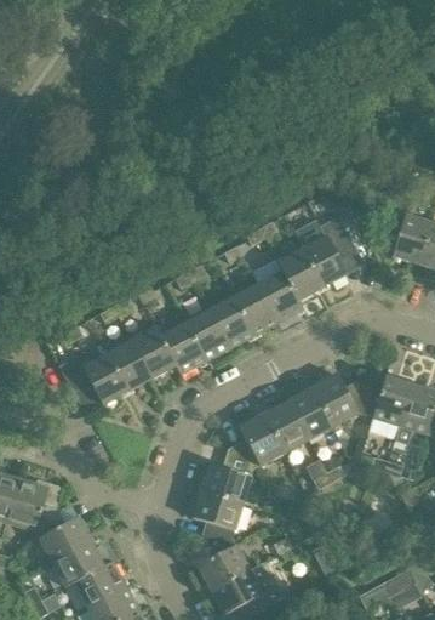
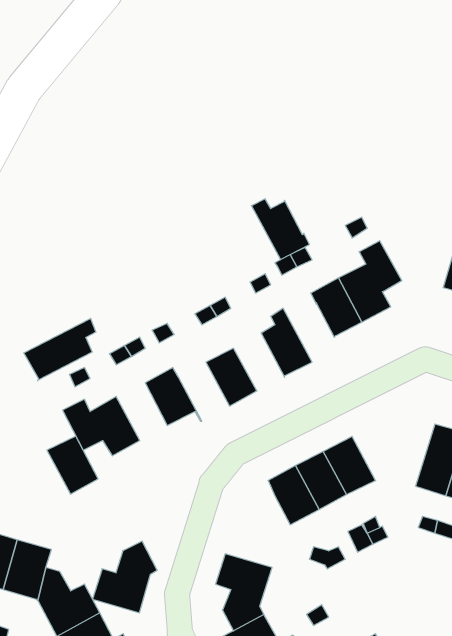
building: [253,268,304,322] -> [251,199,309,260]
building: none -> [24,318,96,381]
building: [210,296,254,347] -> none
building: [161,322,206,374] -> none
building: [107,340,151,391] -> [47,436,98,494]
building: [314,374,376,426] -> none
building: [202,439,259,502] -> [92,541,157,613]

